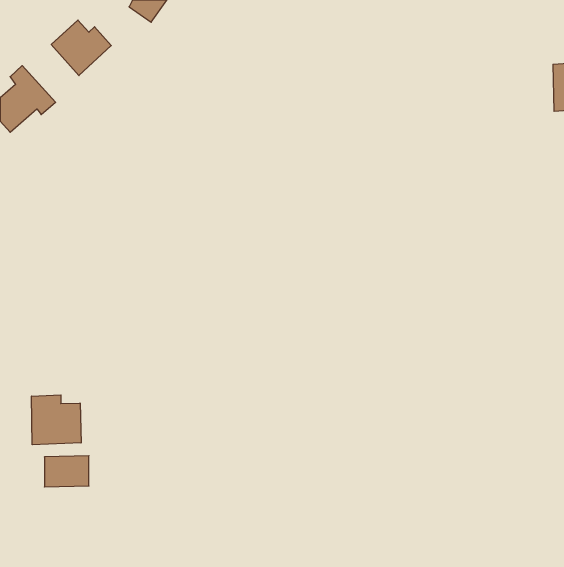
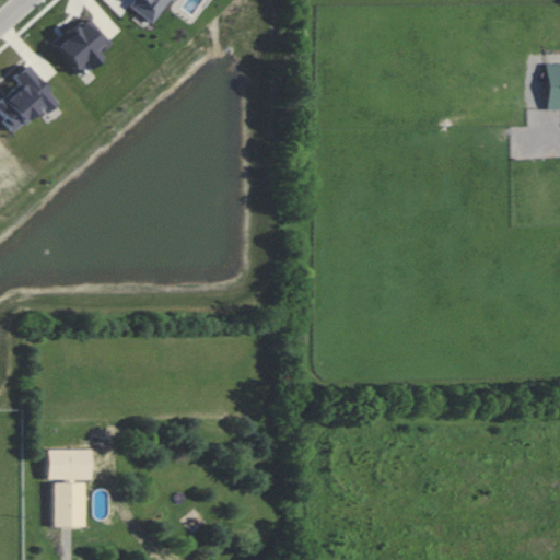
building: [32,395,81,445] -> none
building: none -> [54,482,85,527]

